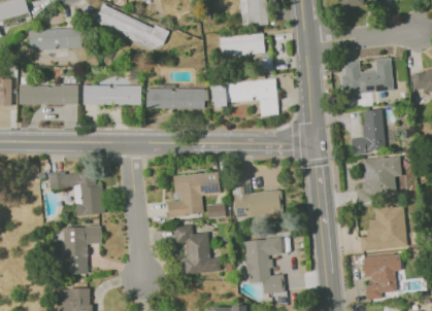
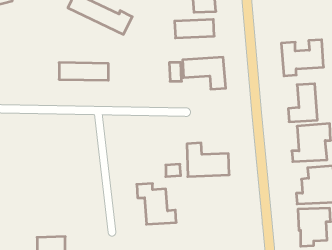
building: [29,27,81,49] -> none
building: [19,84,78,105] -> none
building: [145,88,207,109] -> none
building: [49,171,103,215] -> none
building: [167,172,220,216] -> none
building: [63,226,102,274] -> none
building: [245,238,285,293] -> none

